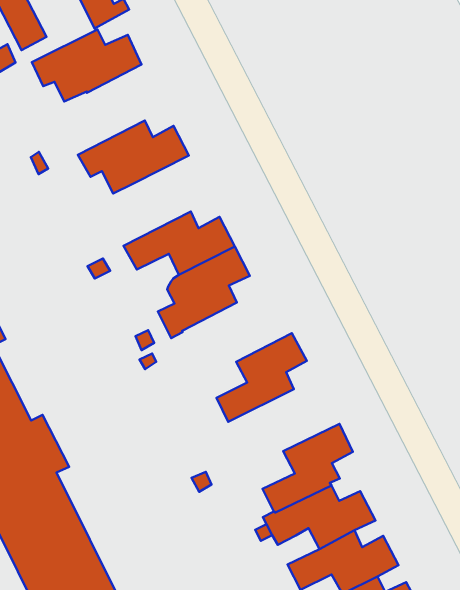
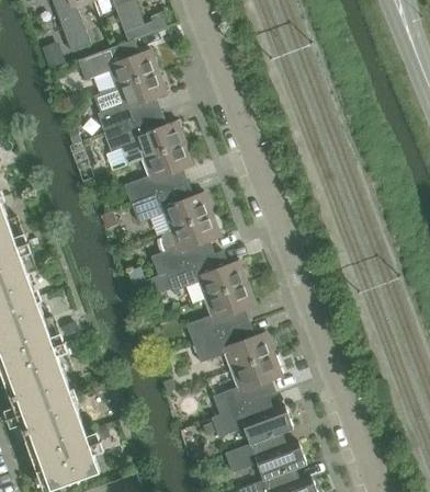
building: none -> [93,72,168,134]
building: none -> [123,144,195,205]
building: none -> [167,253,248,304]
building: none -> [193,325,275,370]

